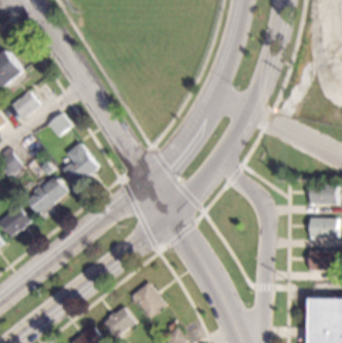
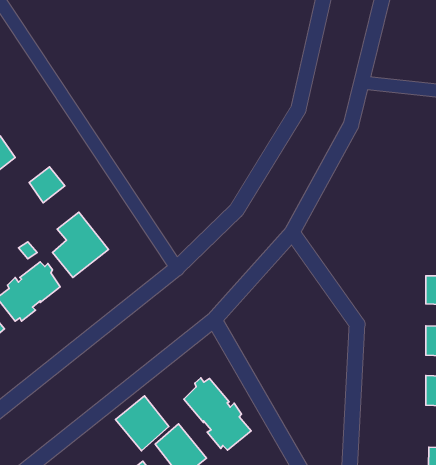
building: none -> [184,378,251,450]
building: none -> [116,396,169,451]

